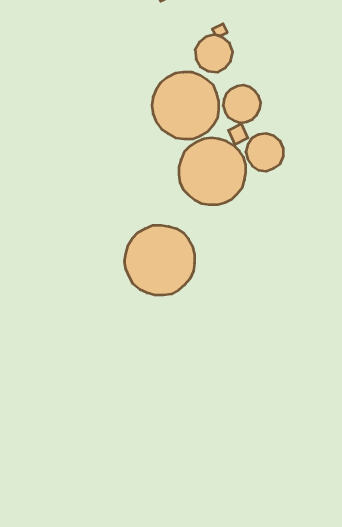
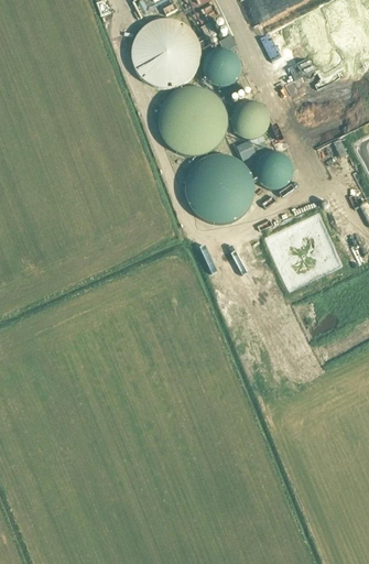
building: none -> [132,19,202,88]
building: [125,225,195,295] -> none

